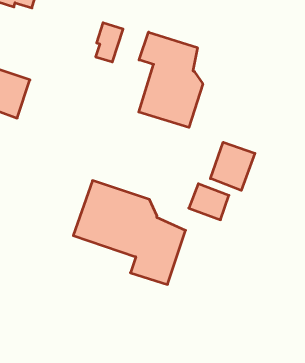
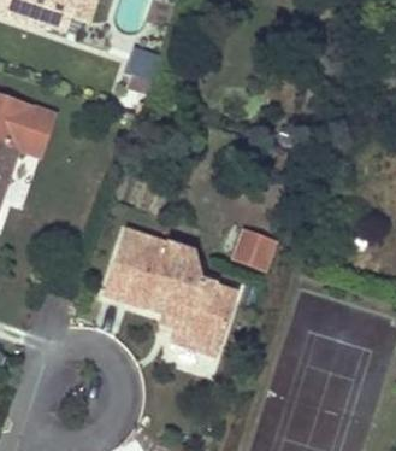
building: [139,32,203,127] -> none
building: [210,142,255,190] -> none

